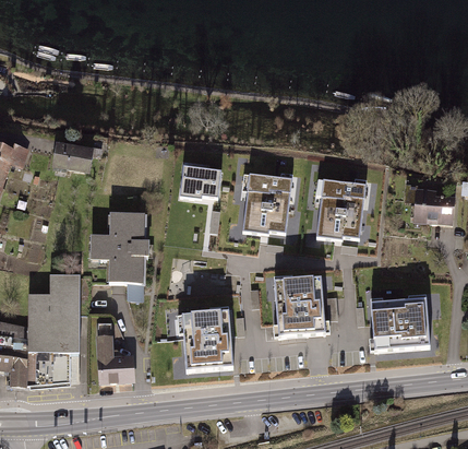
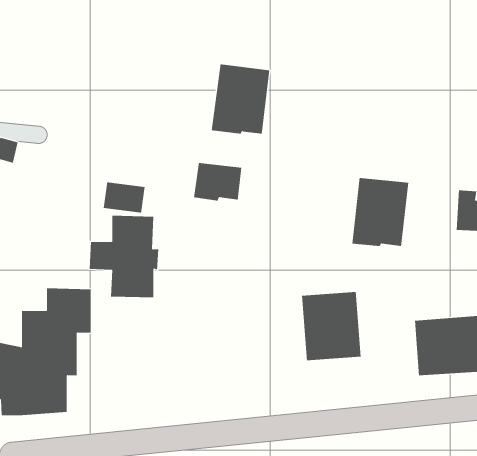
building: [53,142,91,169] -> [103,182,146,213]
building: [240,172,291,233] -> [211,64,270,134]
building: [179,311,232,371] -> none
building: [96,335,134,385] -> none

